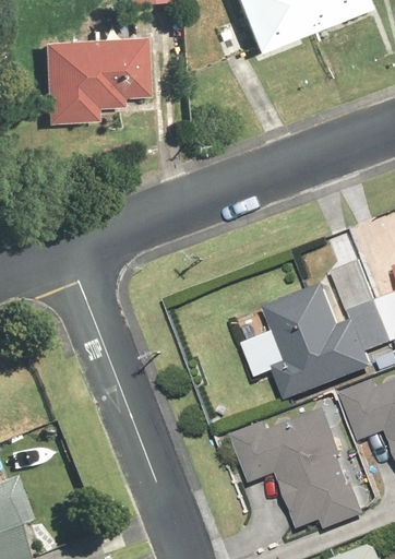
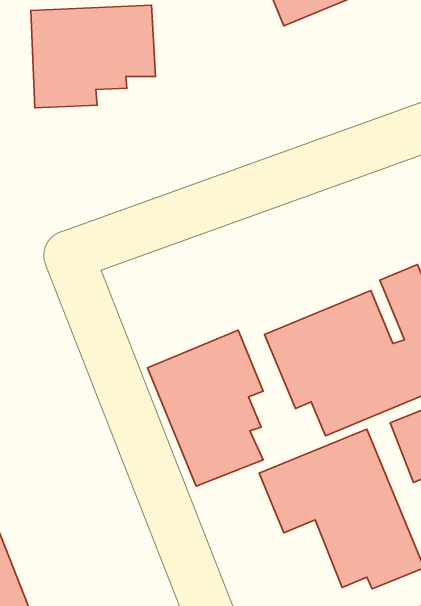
building: none -> [148,330,263,486]

